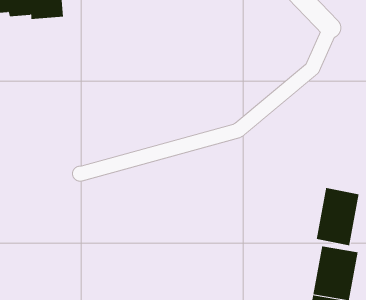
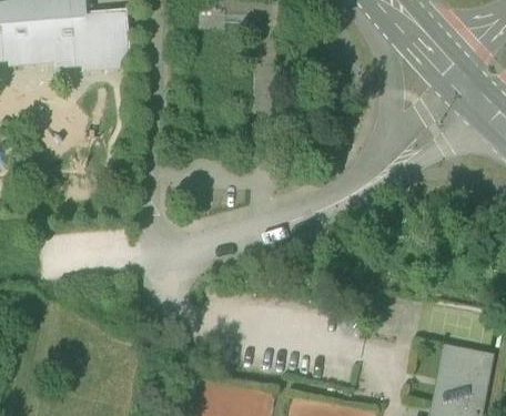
building: [316,187,359,246] -> none

